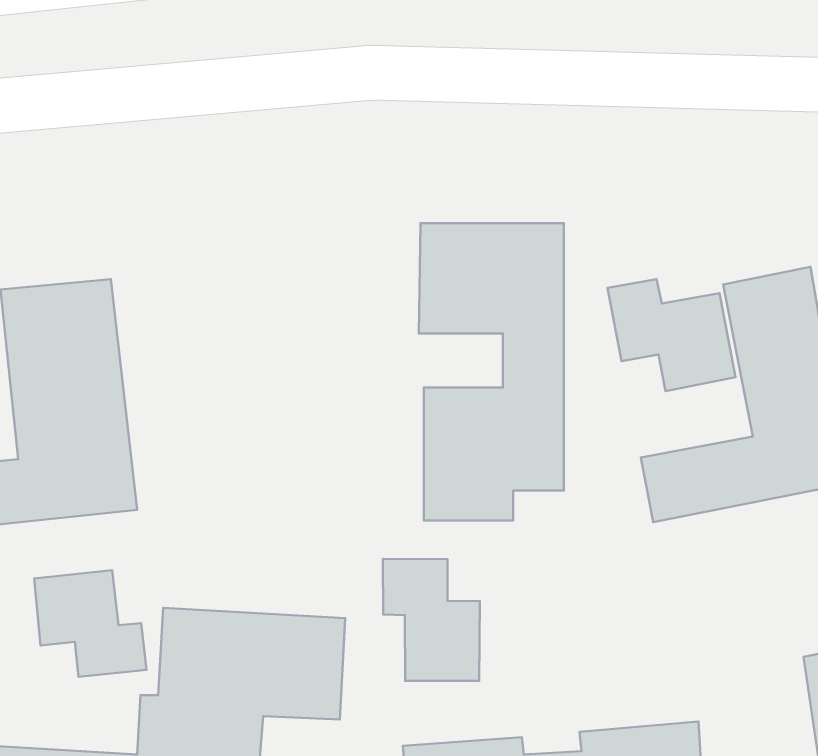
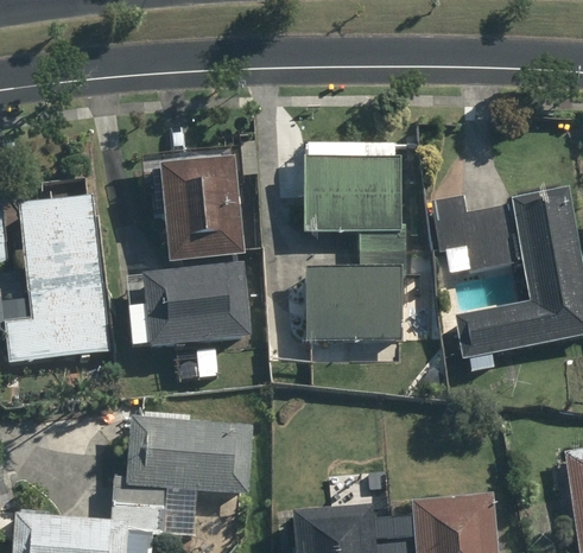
building: none -> [144,158,251,348]
building: [383,559,480,681] -> none
building: [34,570,147,677] -> none

